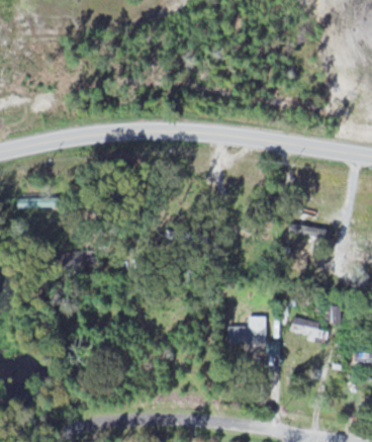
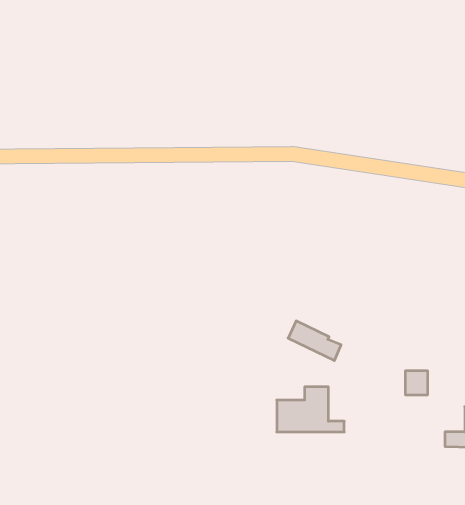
building: [288,314,329,344] -> [288,321,341,361]

